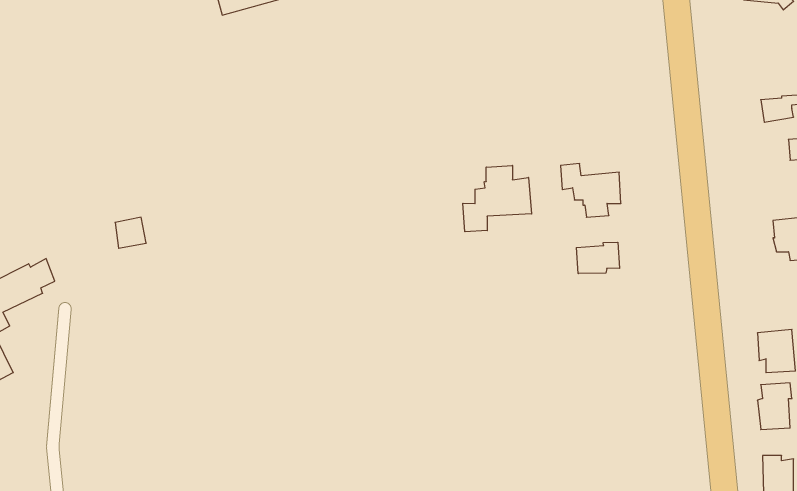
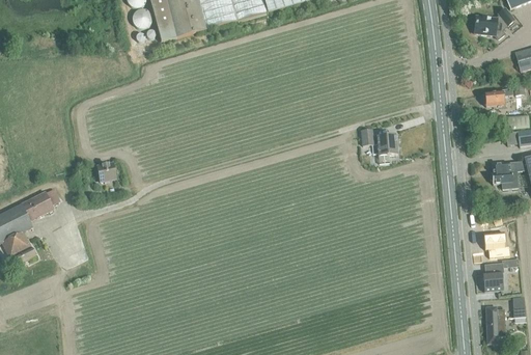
building: [463,165,532,232] -> none
building: [576,242,620,274] -> none

